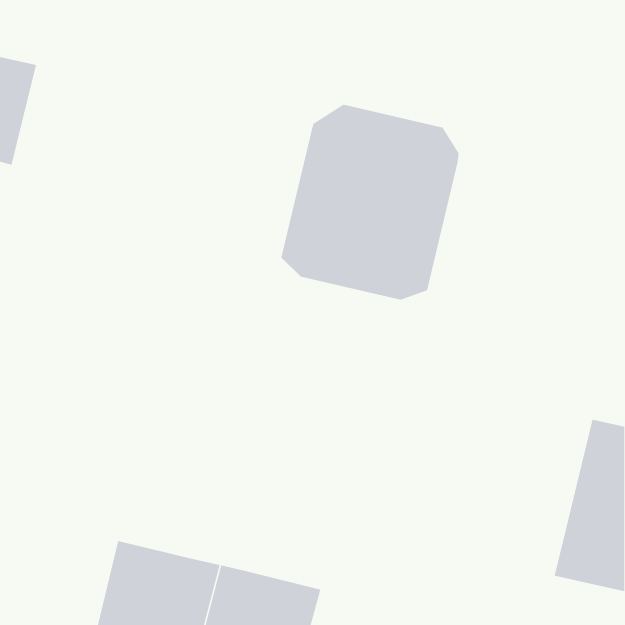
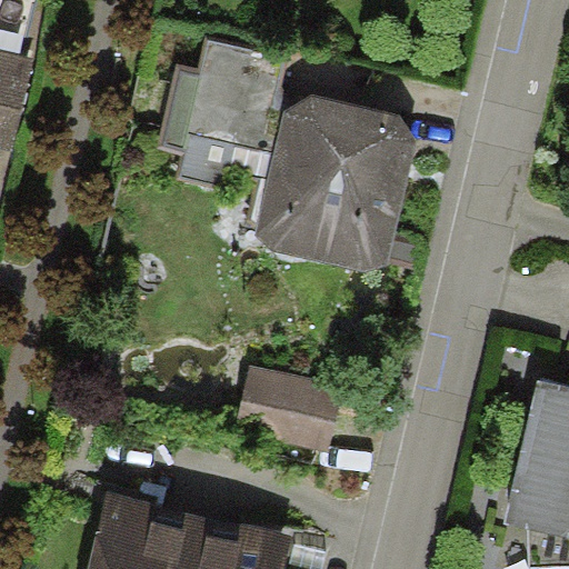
building: none -> [187,39,282,151]
building: none -> [238,366,343,451]

